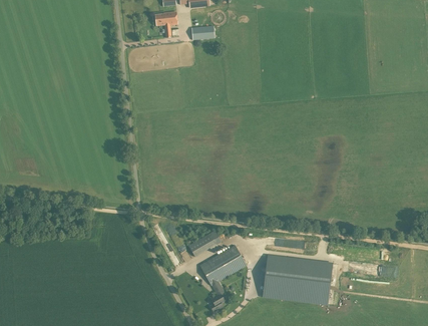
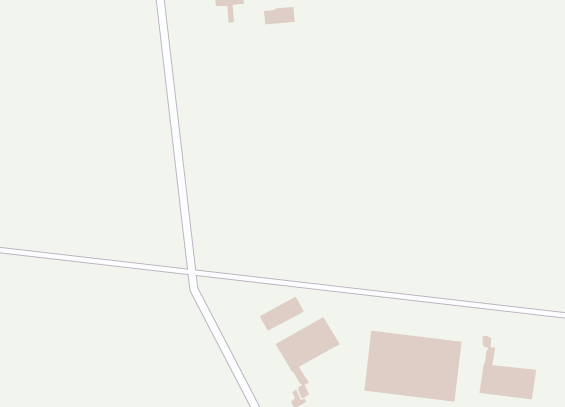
building: none -> [479,335,537,400]

